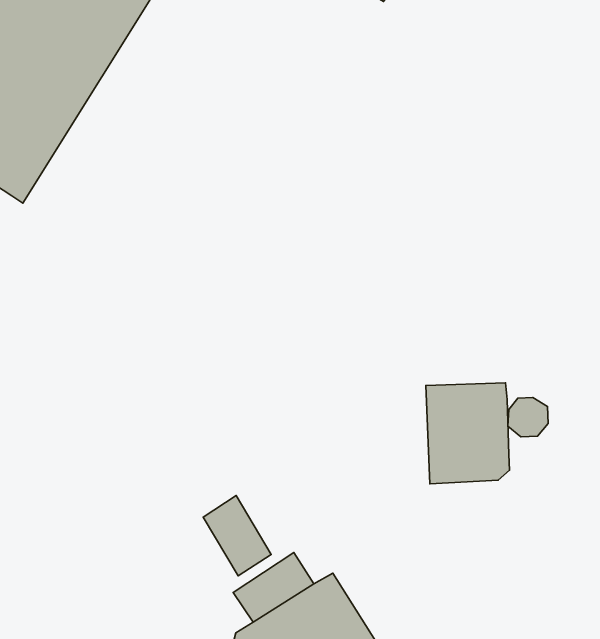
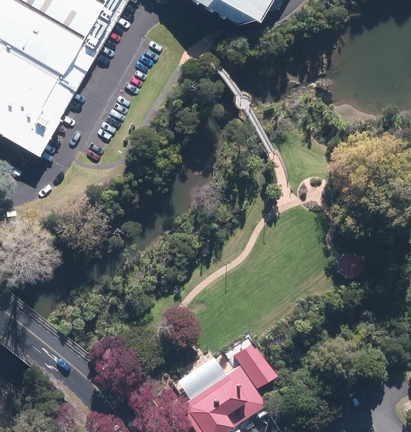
building: [426,383,509,484] -> none
building: [203,496,271,576] -> [234,342,276,390]

